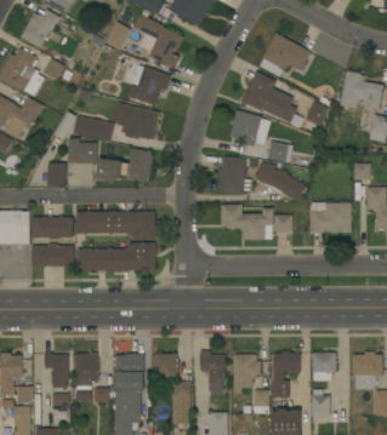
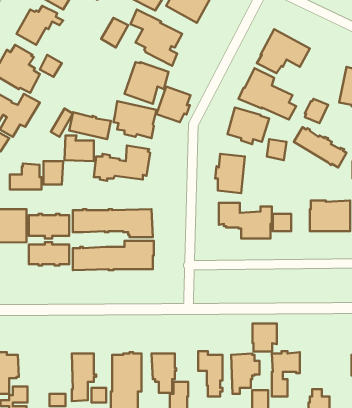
building: none -> [157,87,191,122]
building: [254,161,306,201] -> [294,127,347,167]
building: none -> [10,164,41,189]
building: [45,353,69,388] -> none
building: [312,353,336,380] -> [252,323,277,352]

